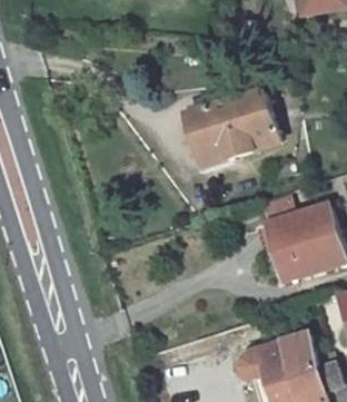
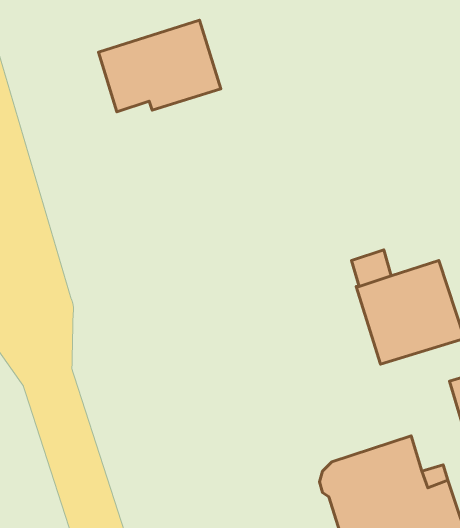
building: [190,91,279,158] -> [99,20,221,112]

